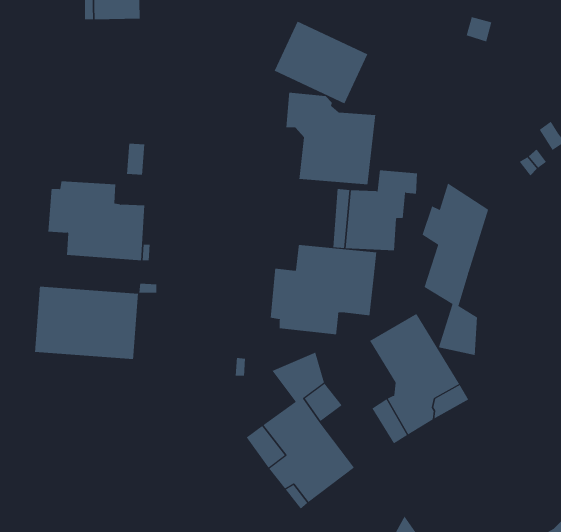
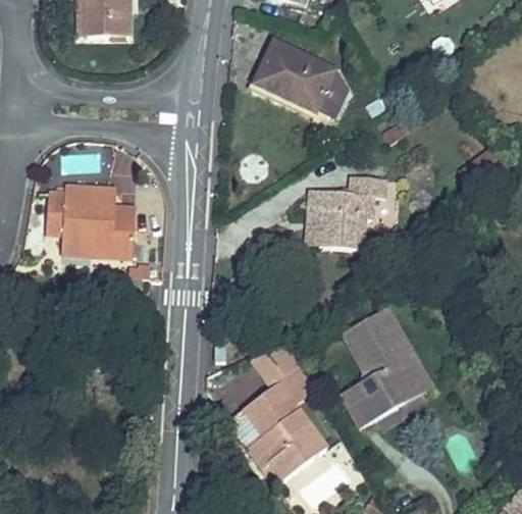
building: [286,92,376,185] -> none
building: [422,182,489,356] -> none
building: [270,244,377,335] -> none
building: [34,286,138,360] -> none

